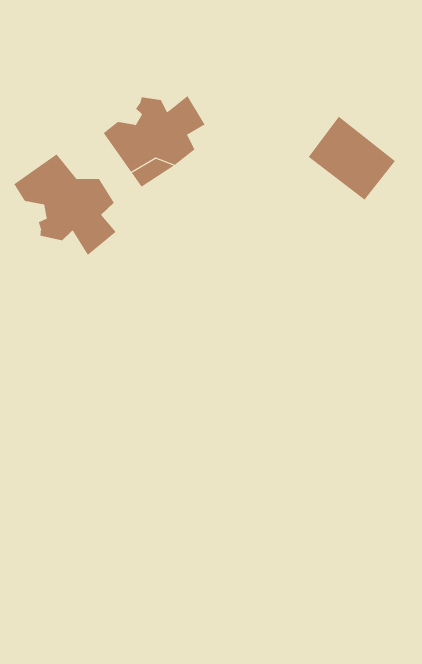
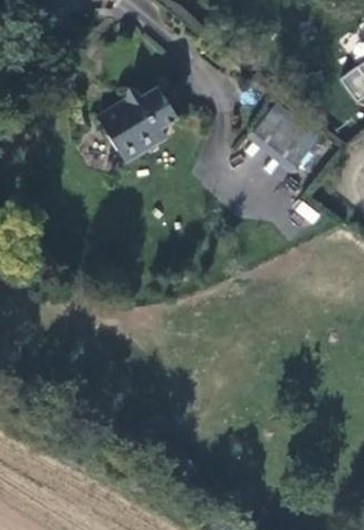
building: [14,154,116,256] -> none

